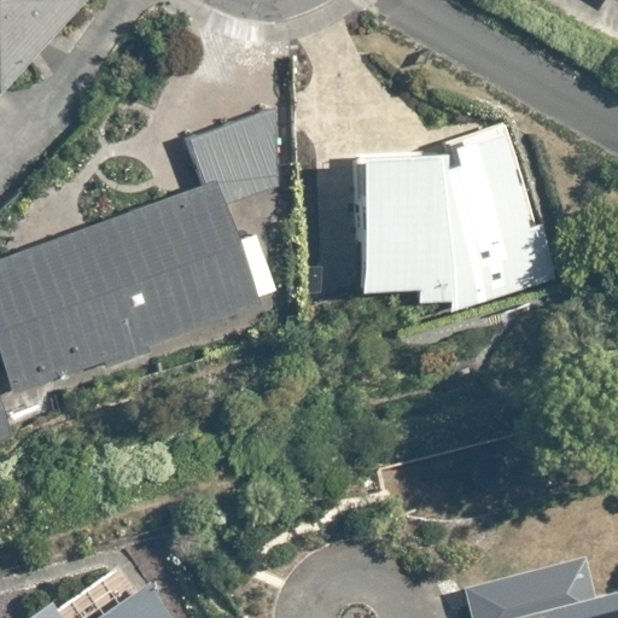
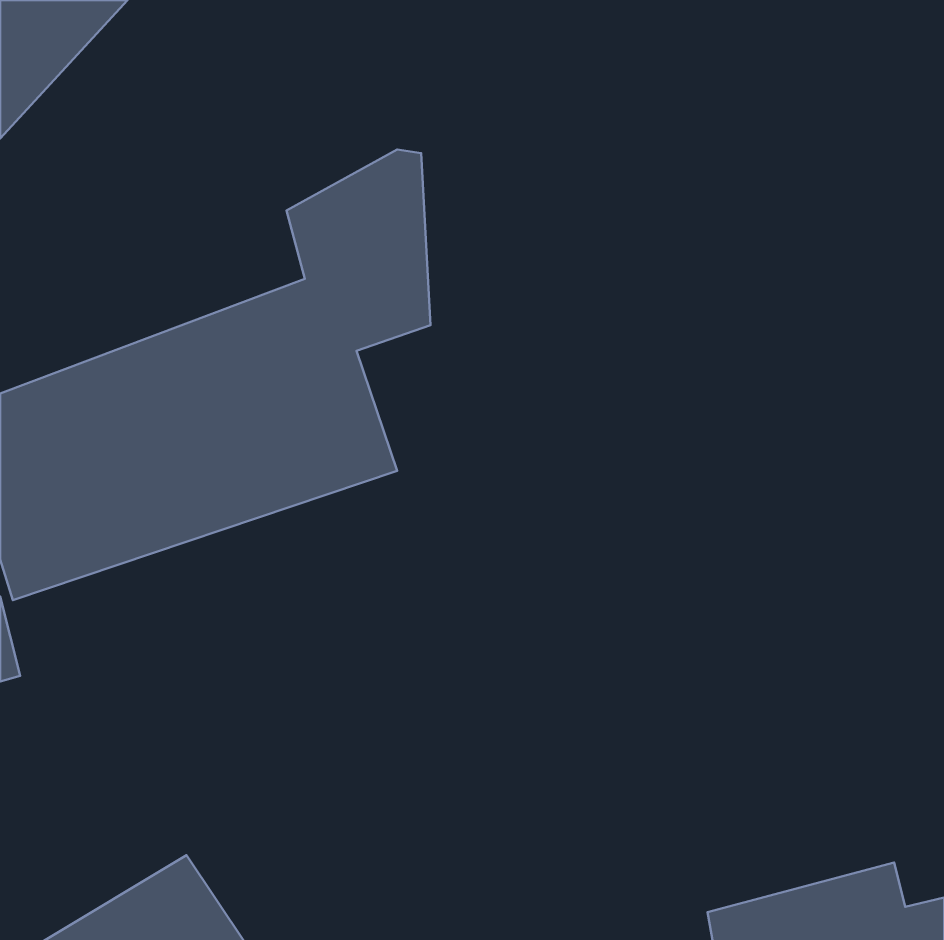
building: [348,121,553,317] -> none

